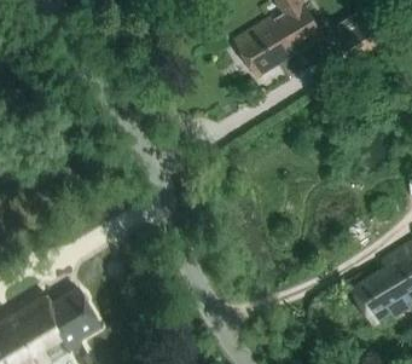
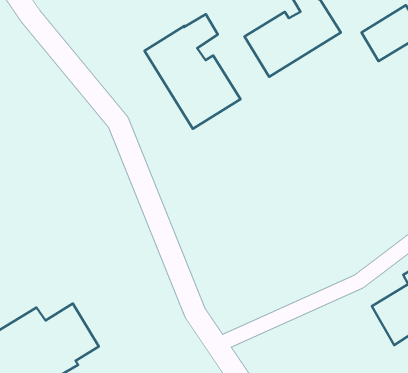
building: none -> [145,14,240,129]

